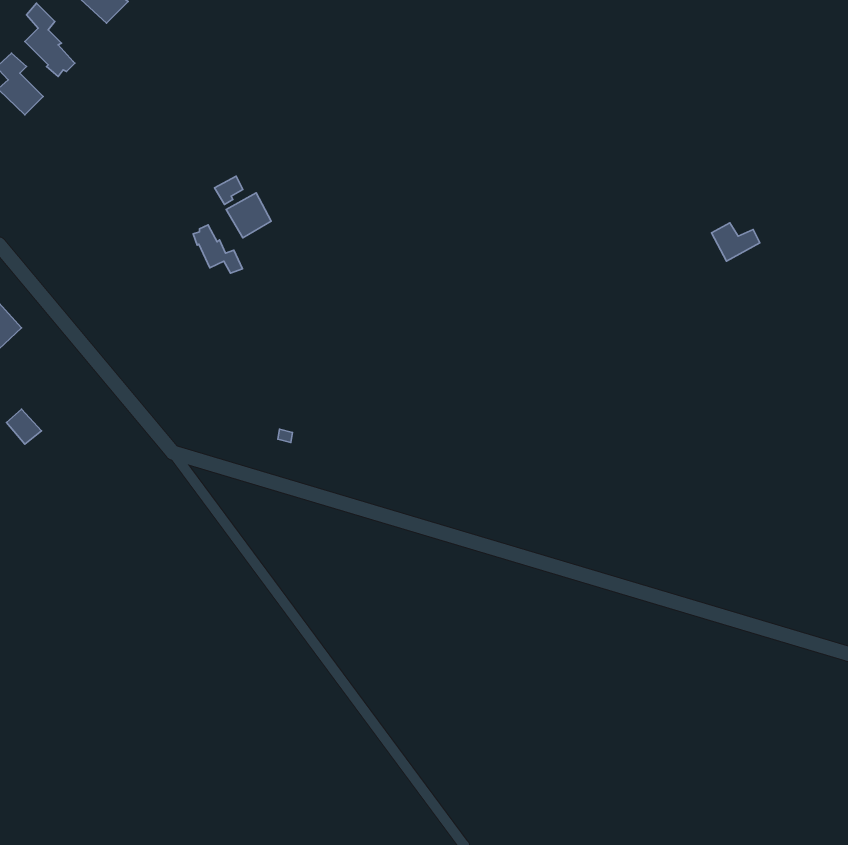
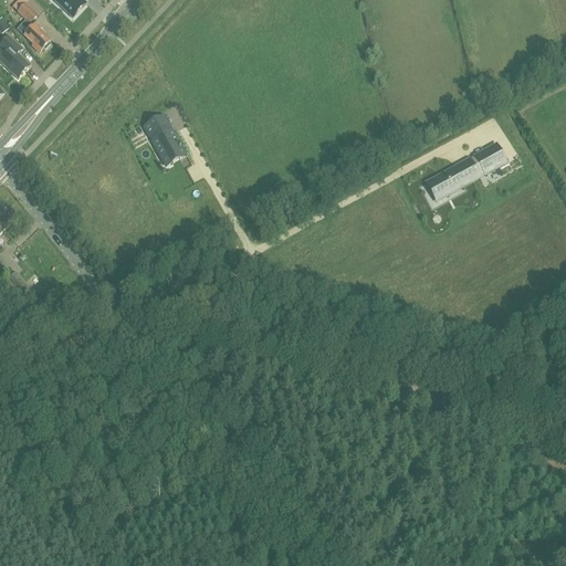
building: [193,225,242,273] -> none
building: none -> [424,157,479,192]

